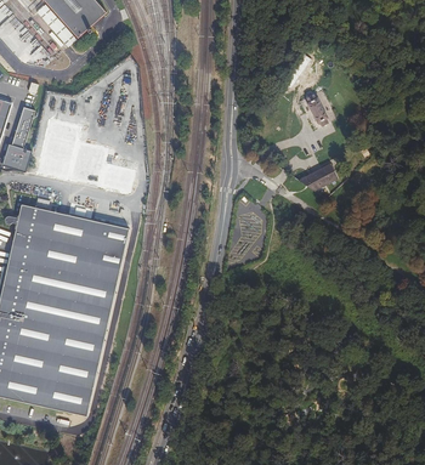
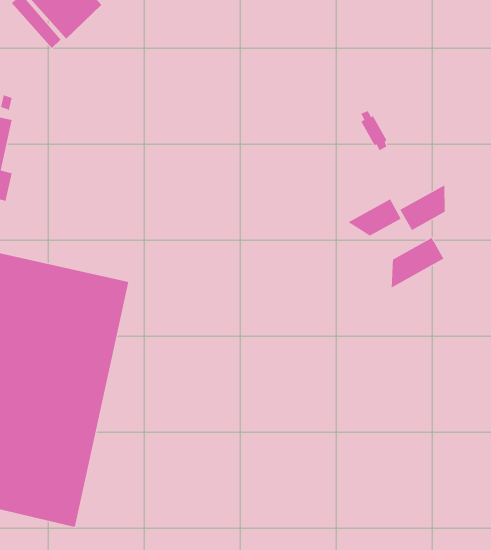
building: none -> [400,184,445,231]
building: none -> [391,237,444,288]

